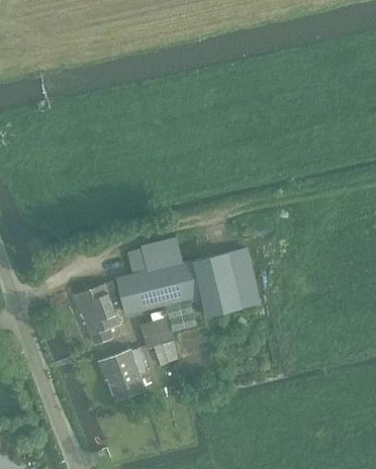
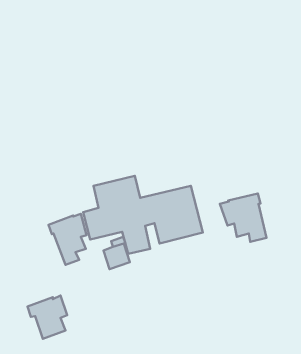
building: none -> [220,193,267,242]
building: [98,349,146,400] -> [27,296,67,339]

